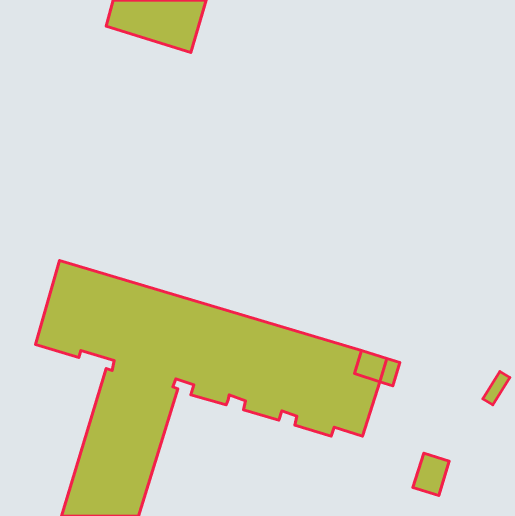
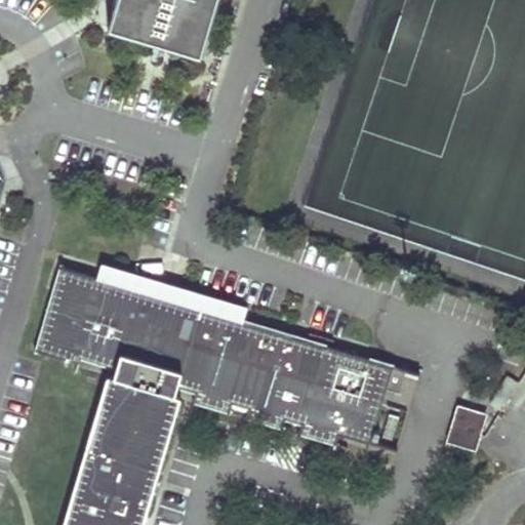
building: [413,453,449,496] -> [449,406,486,449]

